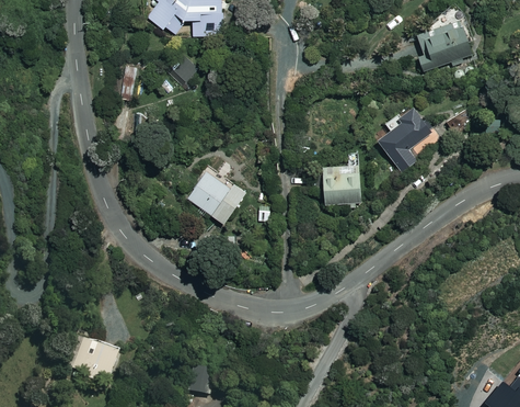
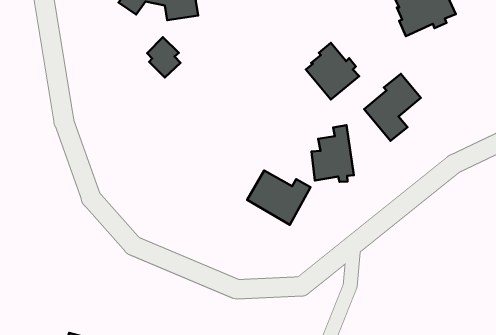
building: none -> [306,43,359,100]
building: [185,169,247,224] -> [247,170,310,225]

